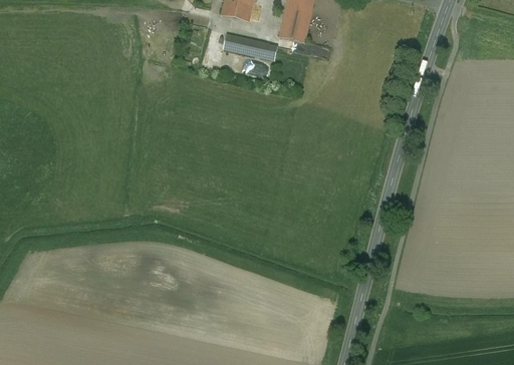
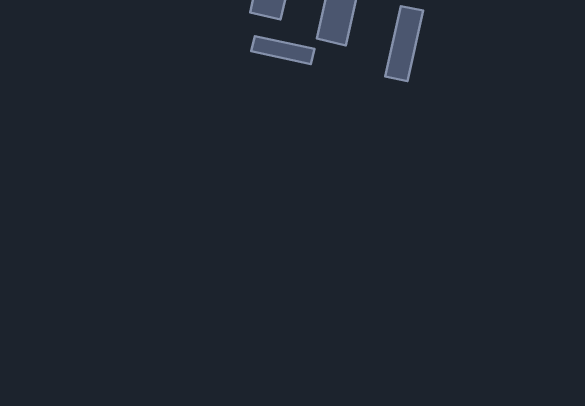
building: none -> [385,6,423,81]

